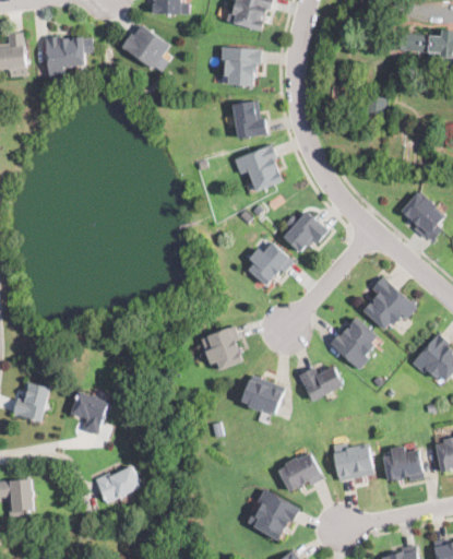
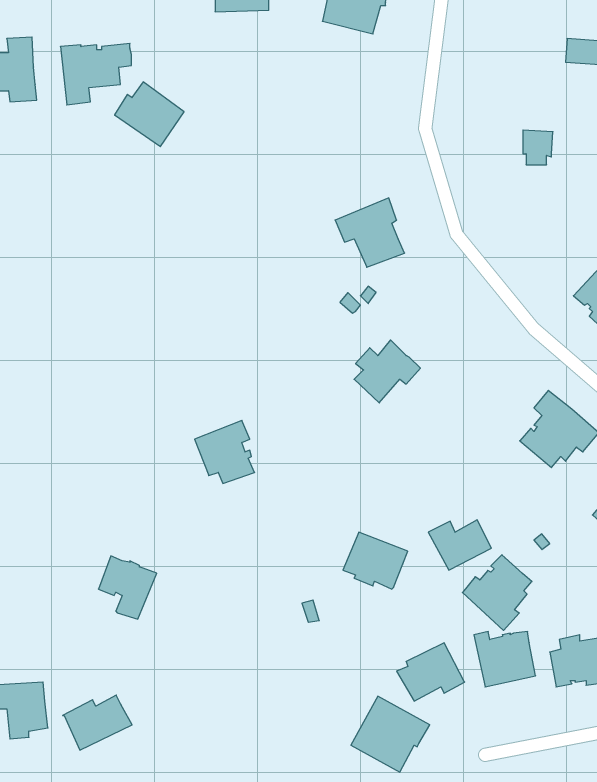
building: [121,24,169,69] -> [115,82,184,147]
building: [219,47,261,86] -> none
building: [231,100,265,139] -> none
building: [282,211,327,252] -> none
building: [329,317,377,369] -> [462,555,532,630]
building: [200,325,241,369] -> [195,420,255,483]
building: [12,382,49,421] -> none
building: [93,465,141,503] -> [63,695,132,750]

